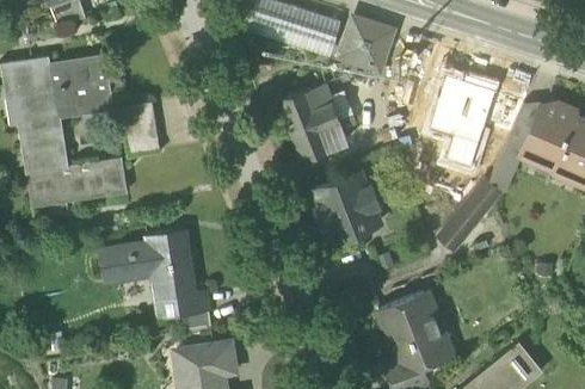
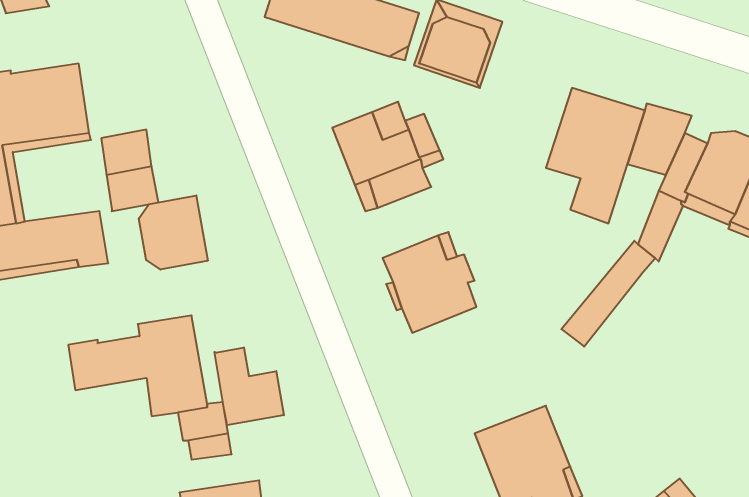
building: none -> [139,195,208,270]
building: none -> [214,347,284,425]

